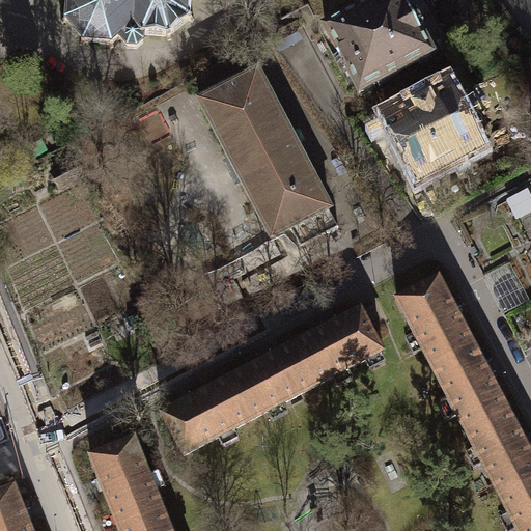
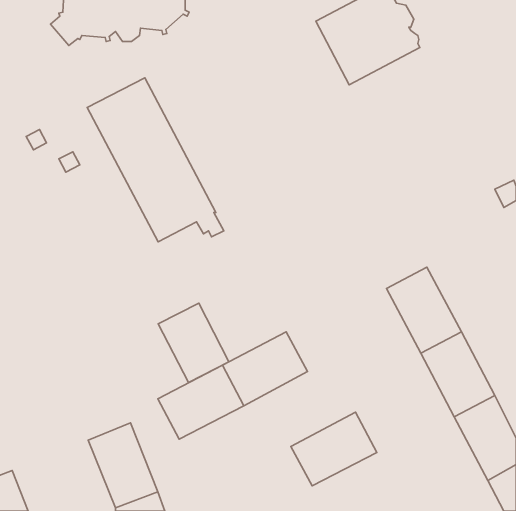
building: [198,65,338,233] -> [87,78,224,242]
building: [386,81,480,175] -> none
building: [294,305,382,381] -> [291,412,377,486]
building: none -> [158,303,229,382]

